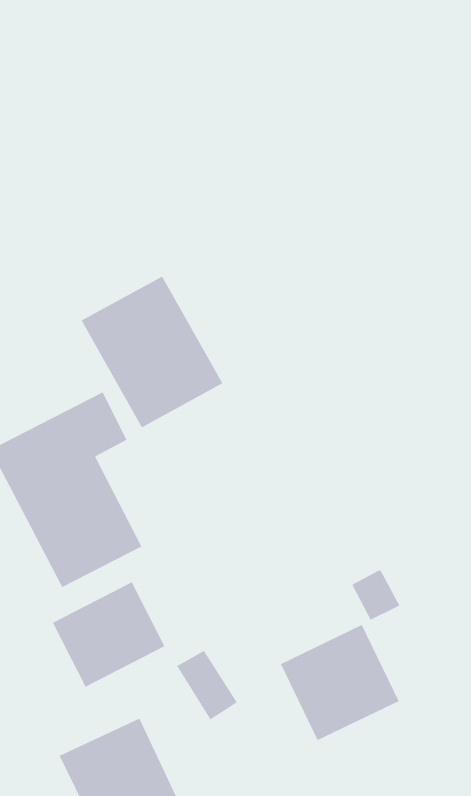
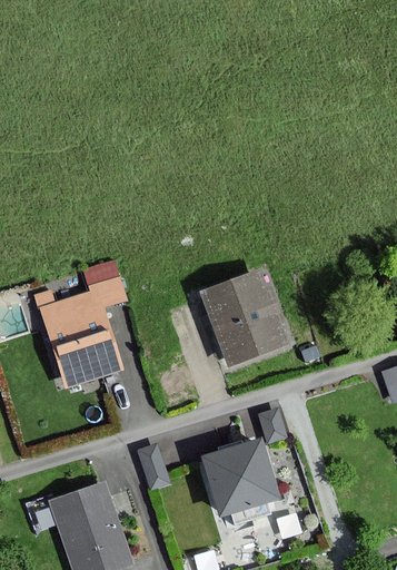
building: [81,275,223,428] -> [201,268,288,366]
building: [52,581,166,688] -> none

